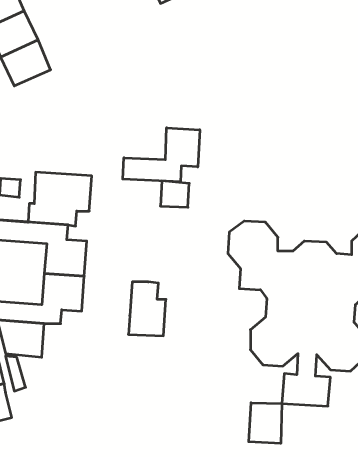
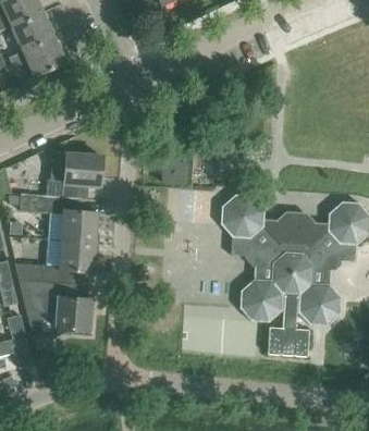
building: [123,128,200,182] -> none
building: [128,282,166,336] -> [56,284,88,331]
building: [249,403,282,443] -> none

